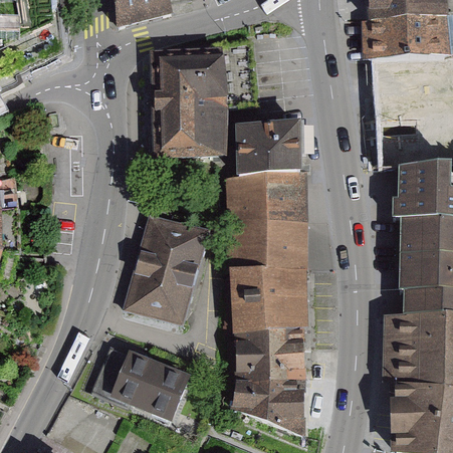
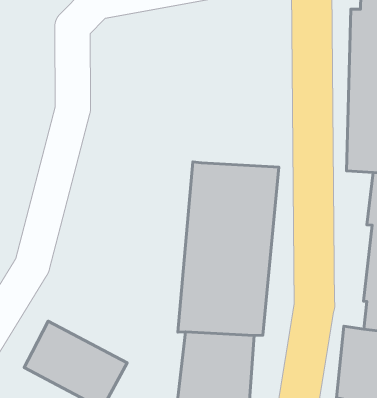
building: [151,49,225,153] -> none
building: [235,128,303,180] -> none
building: [123,217,210,330] -> none

